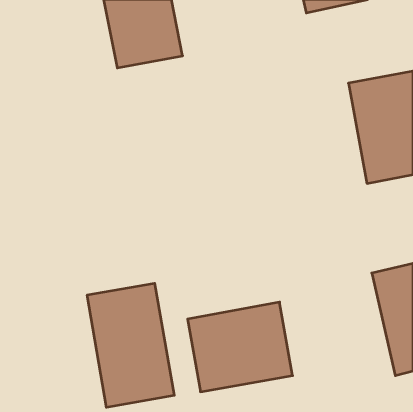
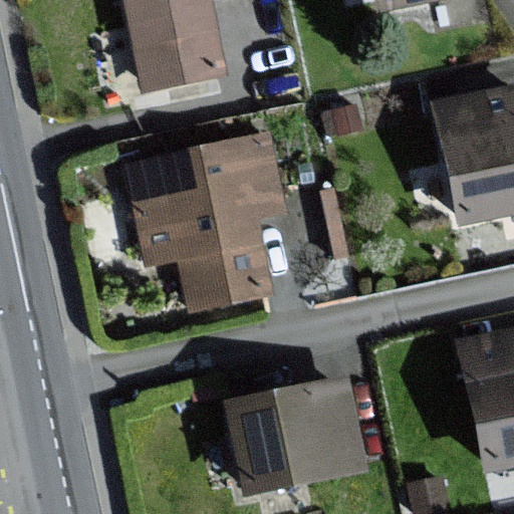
building: none -> [117,137,276,319]
building: [87,283,174,407] -> none

